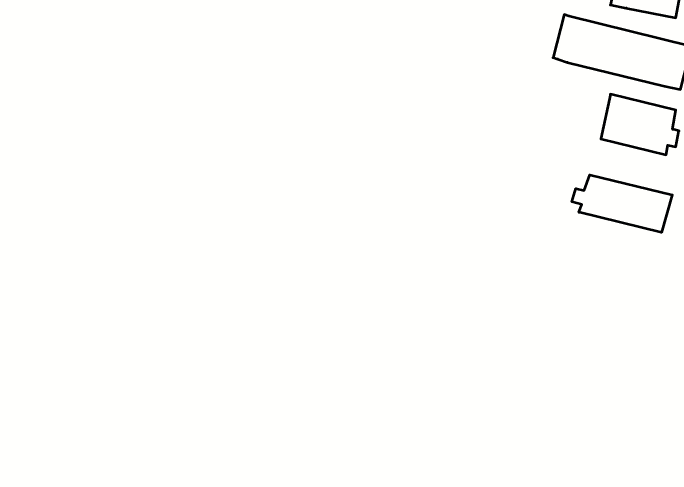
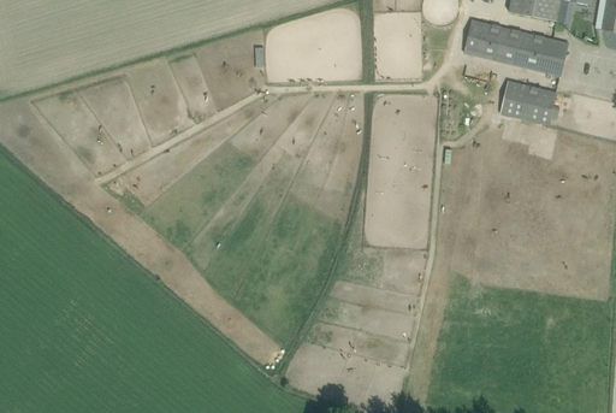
building: [572,175,672,232] -> none

